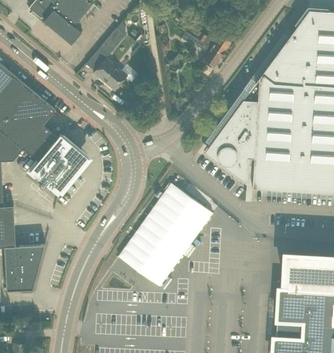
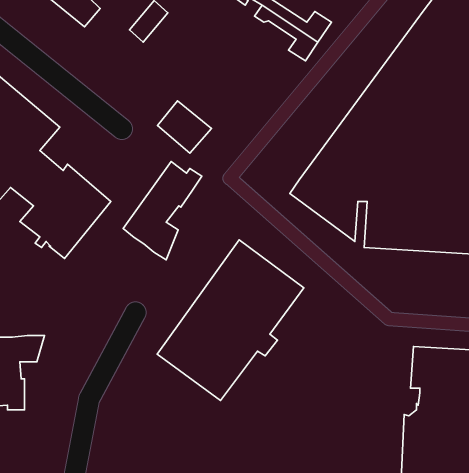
building: [93,58,128,92] -> [157,101,211,153]
building: none -> [123,161,202,260]

